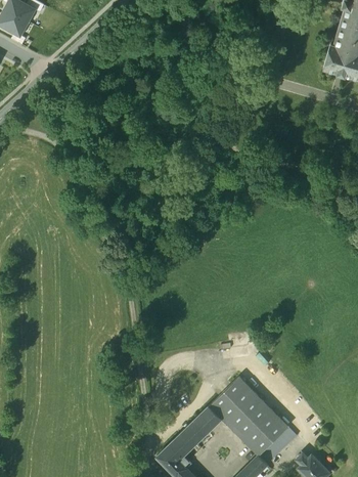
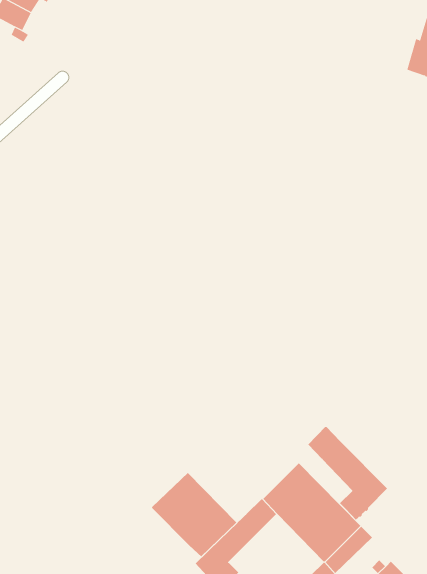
building: none -> [307,426,388,521]
building: none -> [151,472,237,557]

